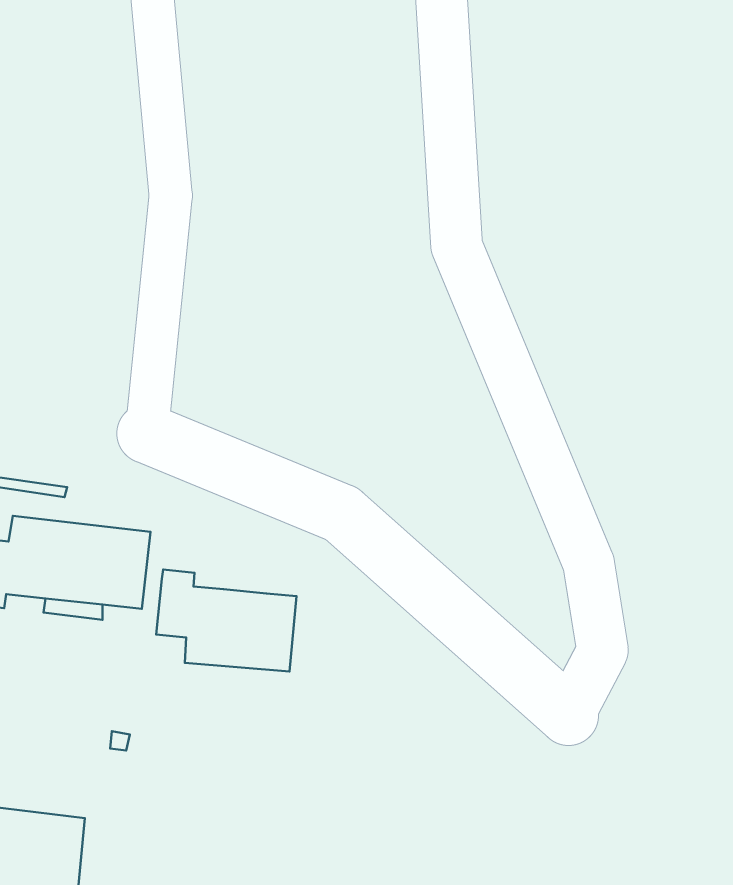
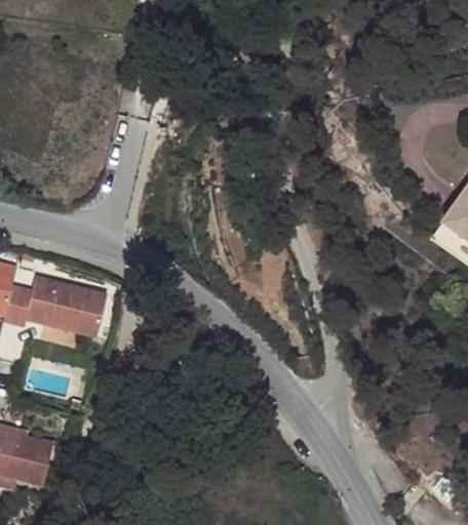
building: [156,569,296,672] -> none

